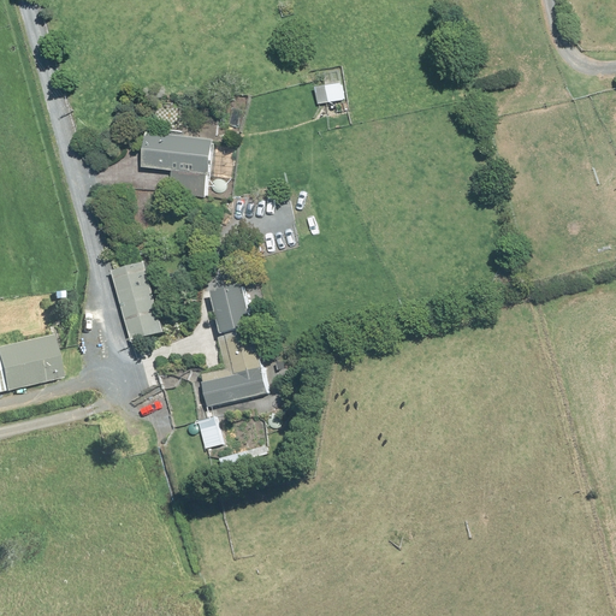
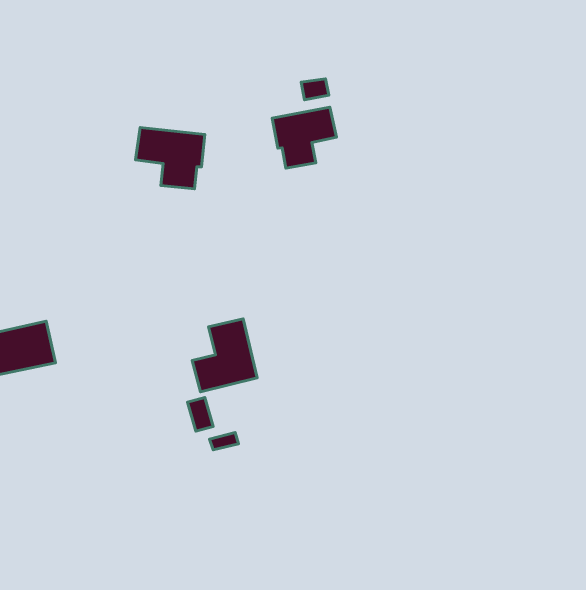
building: none -> [272,107,336,168]
building: [112,261,161,340] -> none
building: [213,285,251,332] -> none

